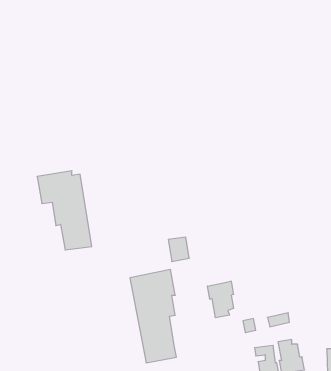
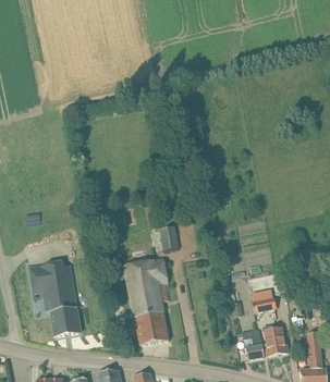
building: [37,171,92,250] -> [28,260,80,334]
building: [208,281,234,318] -> none

